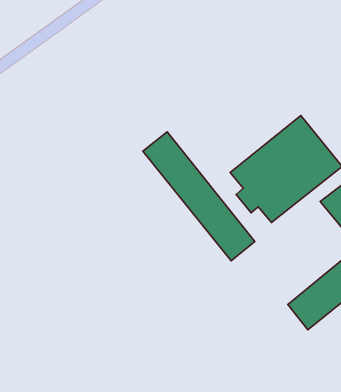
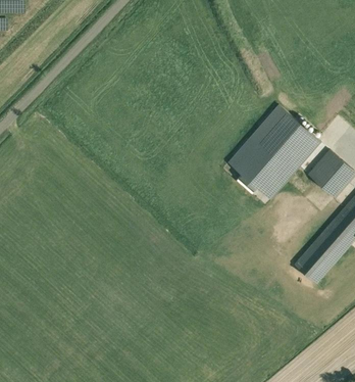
building: [143,132,255,261] -> none

